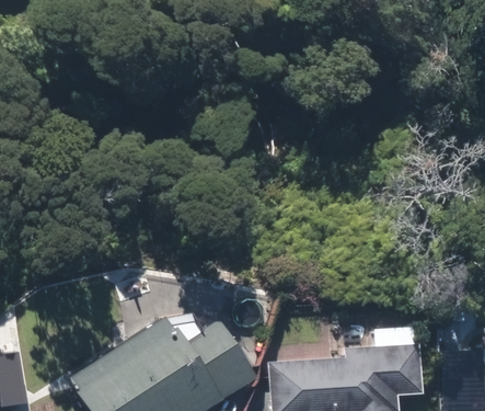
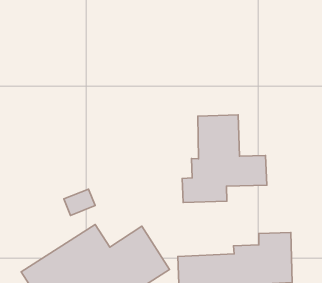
building: none -> [182,115,267,203]

